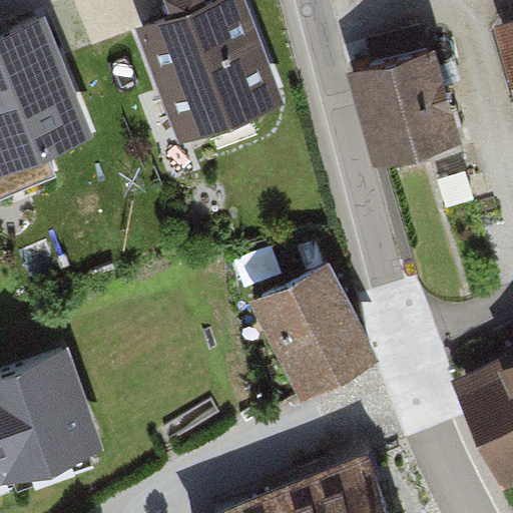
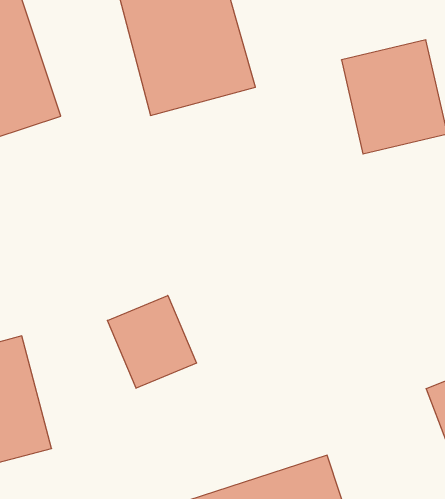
building: [258,277,368,399] -> none
building: none -> [107,295,197,388]

